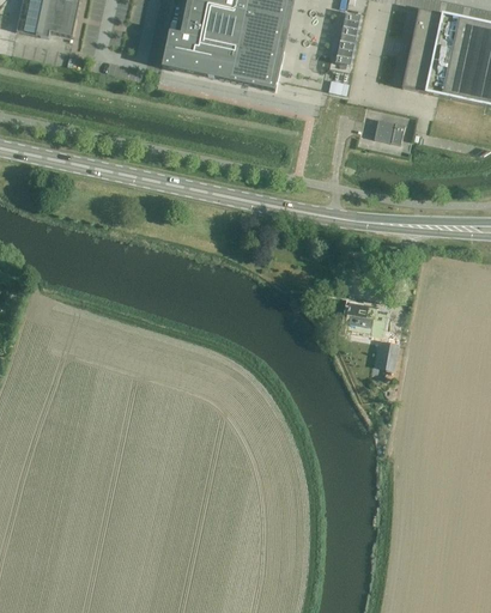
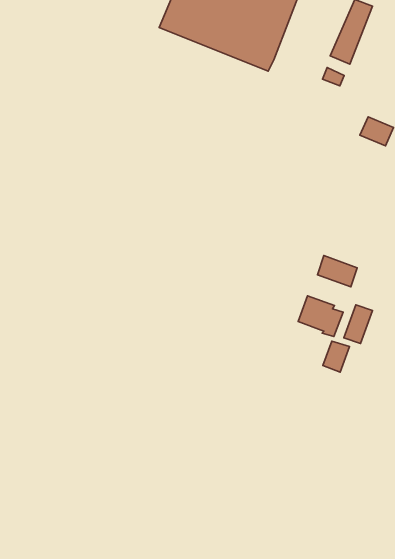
building: none -> [317,256,357,287]
building: none -> [344,305,373,344]

